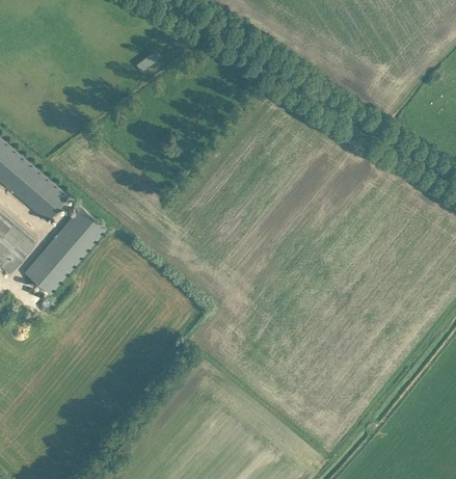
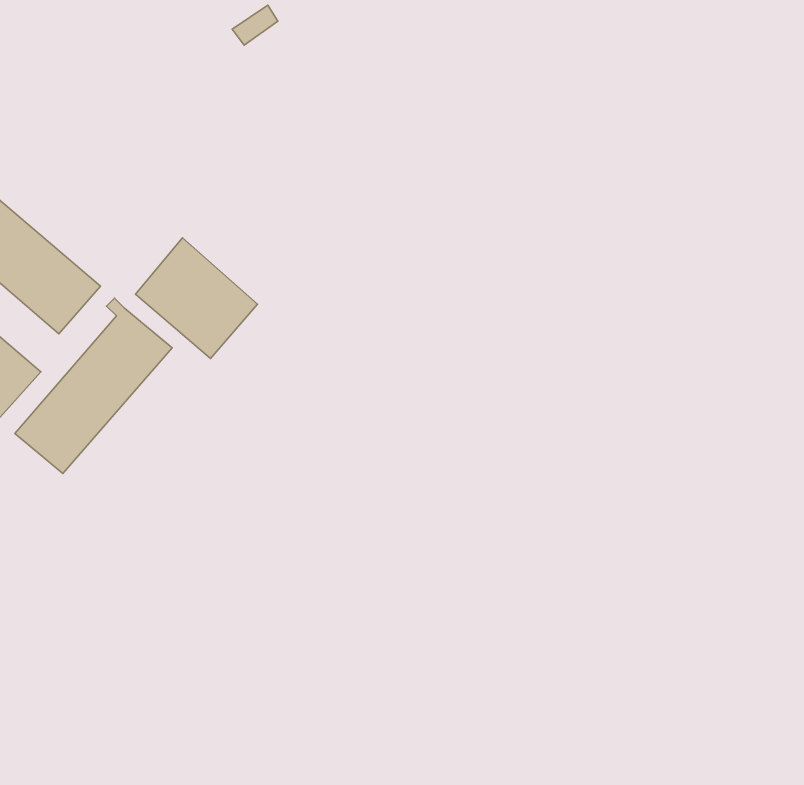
building: none -> [136,238,258,359]

